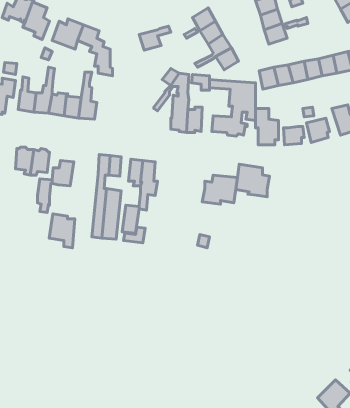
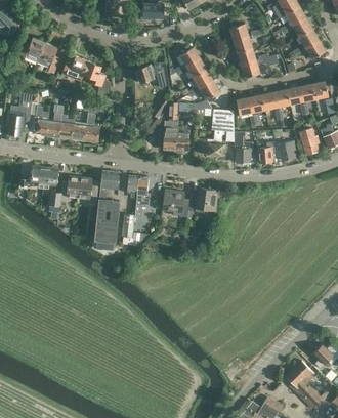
building: [236,164,270,197] -> [162,190,191,217]
building: [49,214,75,248] -> [77,177,98,206]

